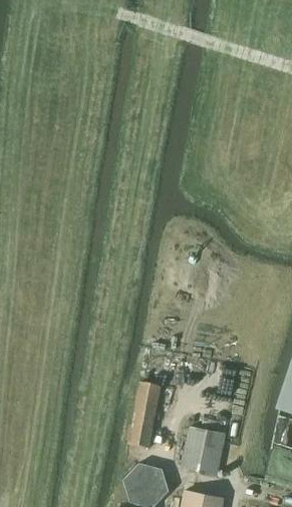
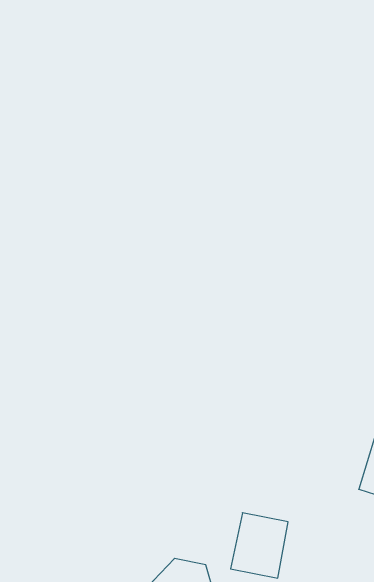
building: [128,382,161,448] -> none

